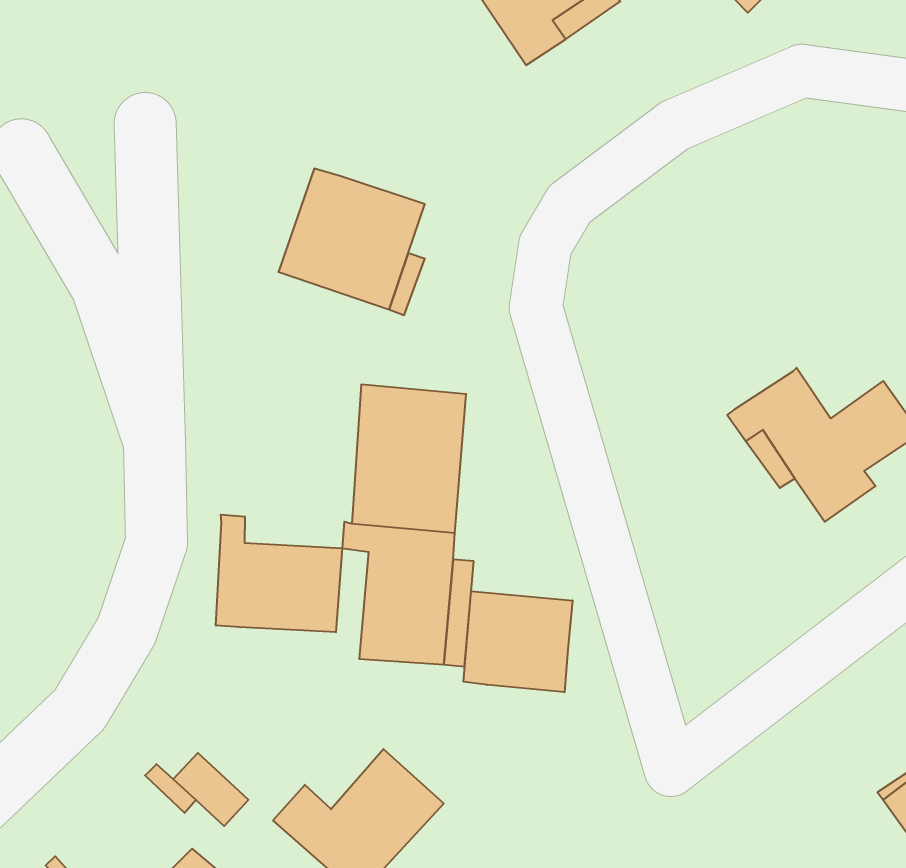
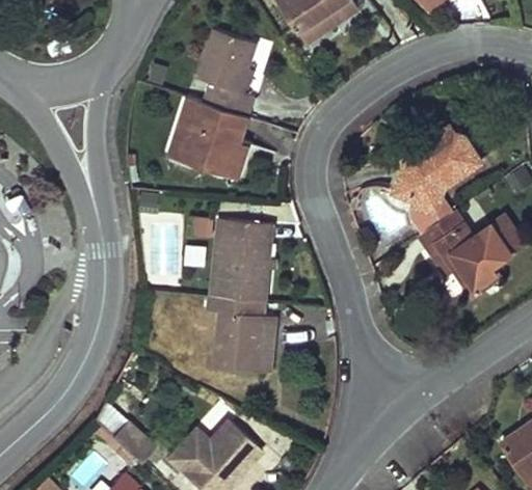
building: none -> [197,29,259,118]
building: none -> [395,127,475,232]
building: [216,515,342,632] -> none
building: [464,591,573,692] -> none

